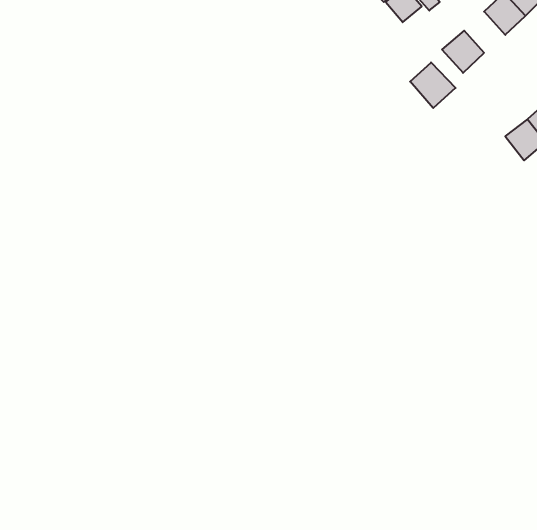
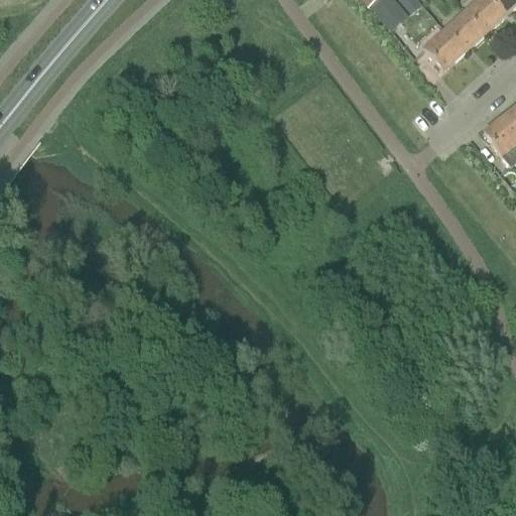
building: none -> [445,11,485,50]
building: [410,62,456,108] -> none

